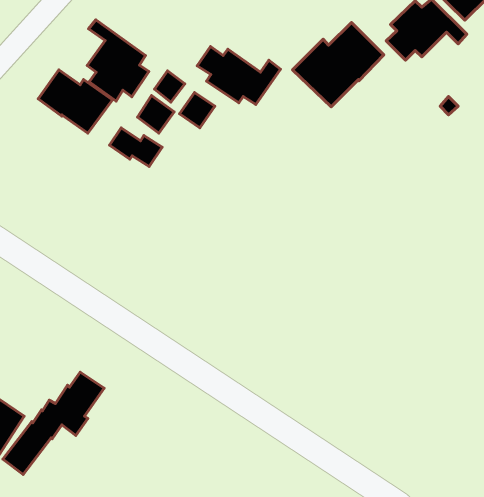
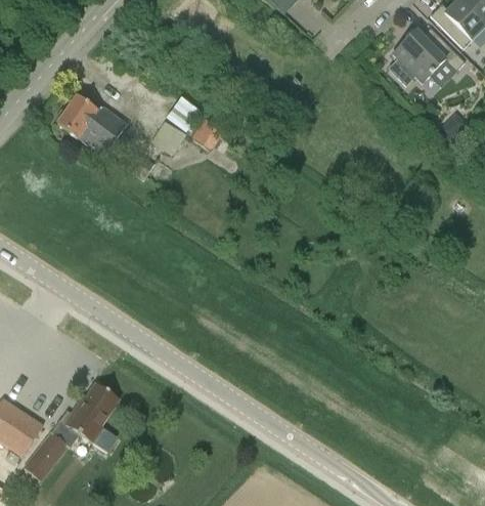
building: [87,20,149,101] -> none
building: [292,23,384,107] -> none
building: [197,47,280,104] -> none

